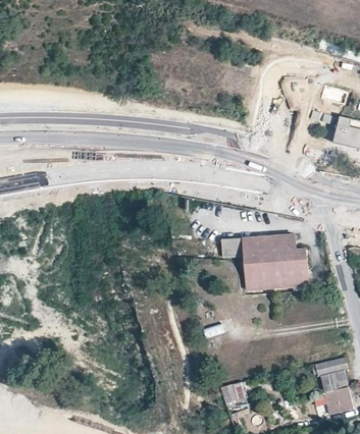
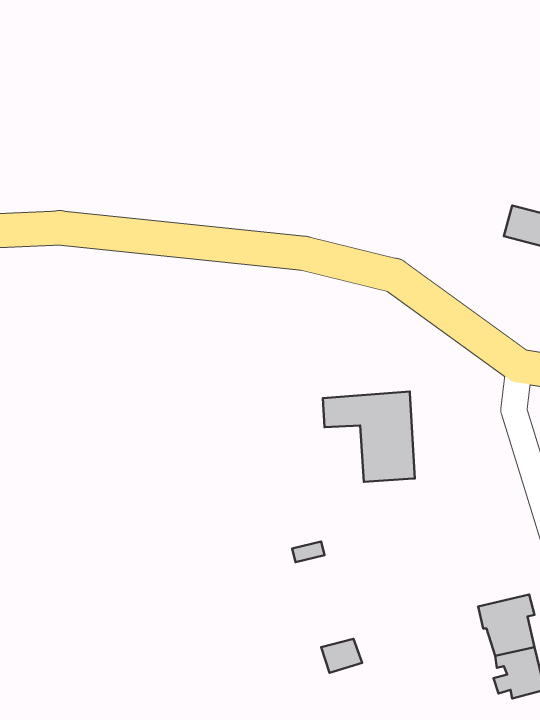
building: [274,234,309,286] -> none

